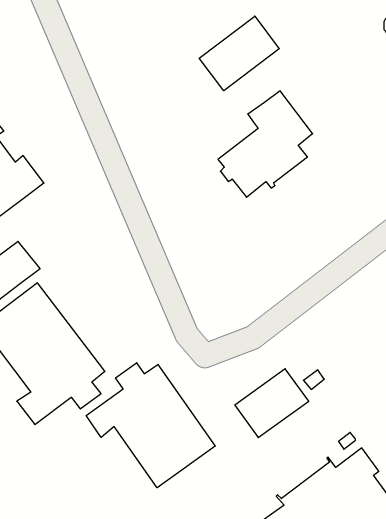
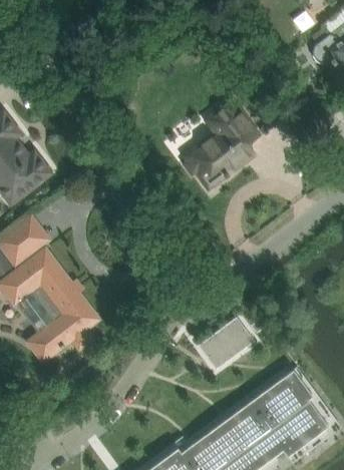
building: [199,16,279,91] -> none
building: [86,363,215,488] -> none

